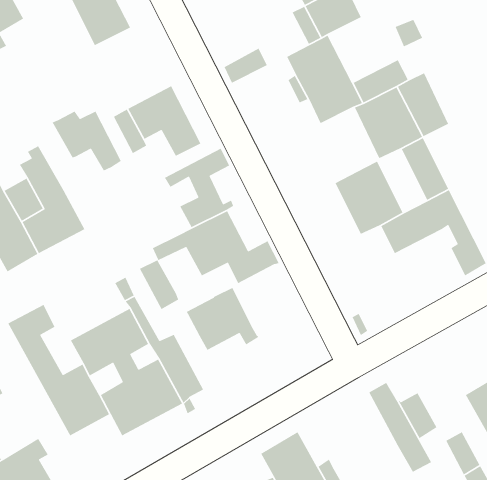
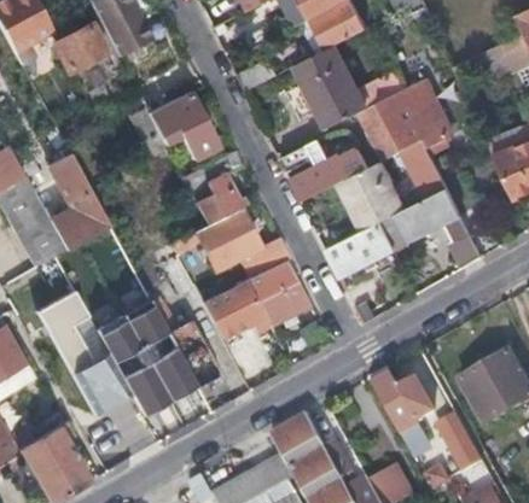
building: [51,110,122,172] -> [48,25,114,82]
building: none -> [279,140,367,201]
building: none -> [326,222,395,276]
building: none -> [245,258,309,326]

